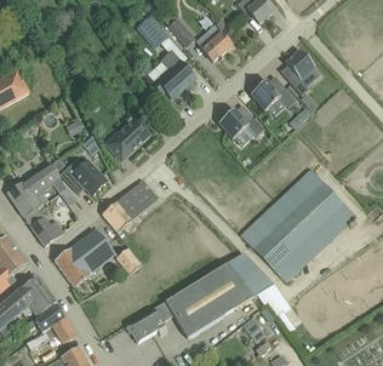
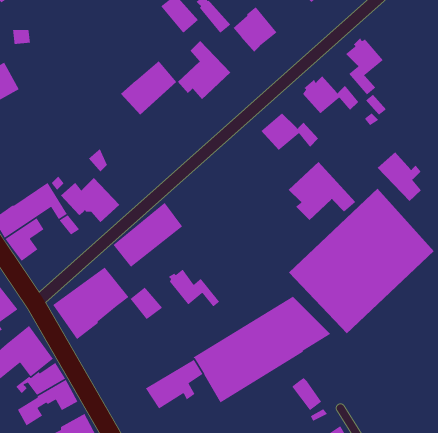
building: [105,116,150,160] -> [120,60,177,116]
building: none -> [377,151,422,202]
building: none -> [288,161,356,221]
building: [30,216,64,246] -> none
building: none -> [168,268,220,308]

